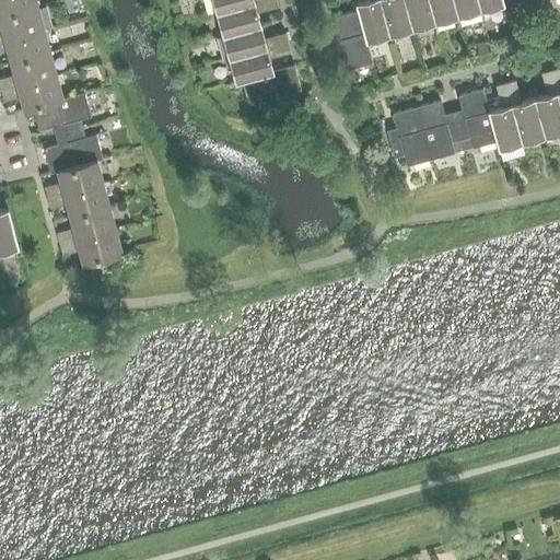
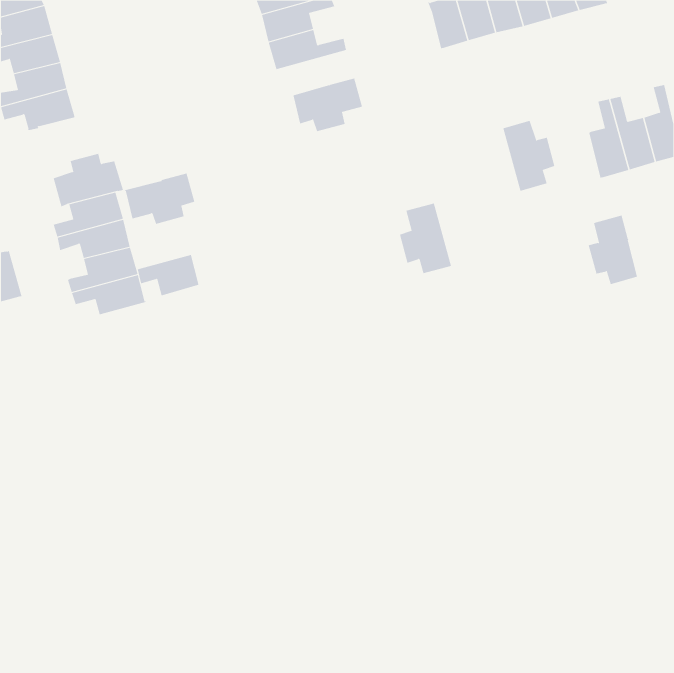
building: [328,11,372,70] -> none
building: [229,43,290,82] -> none
building: [454,90,495,148] -> [588,215,638,285]
building: [32,92,91,135] -> [124,173,195,224]
building: [387,107,431,166] -> [399,203,452,274]
building: none -> [137,254,200,297]

